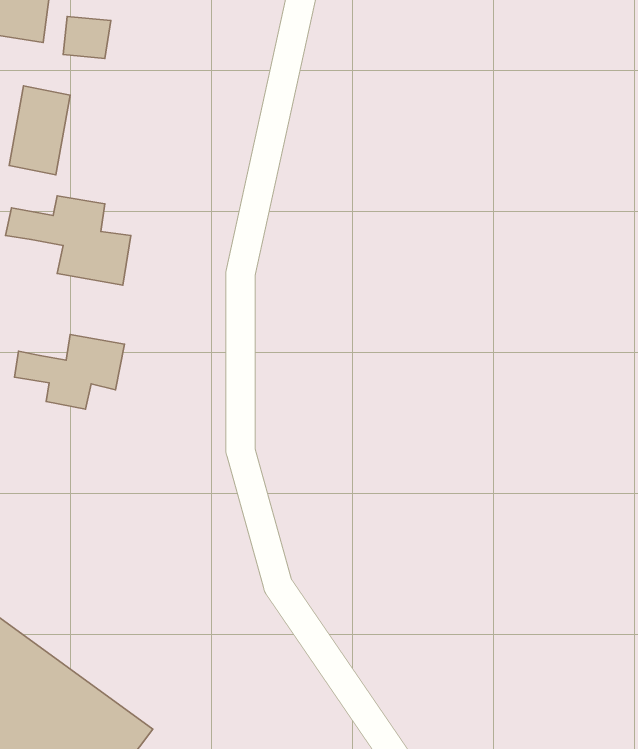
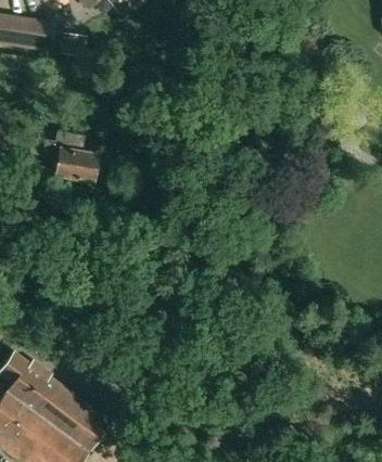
building: [9,86,70,175] -> none
building: [15,334,125,409] -> none

